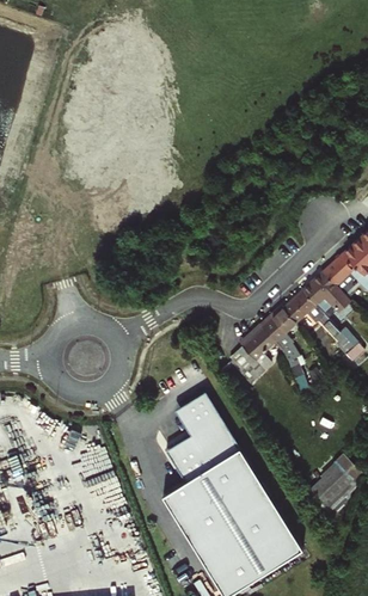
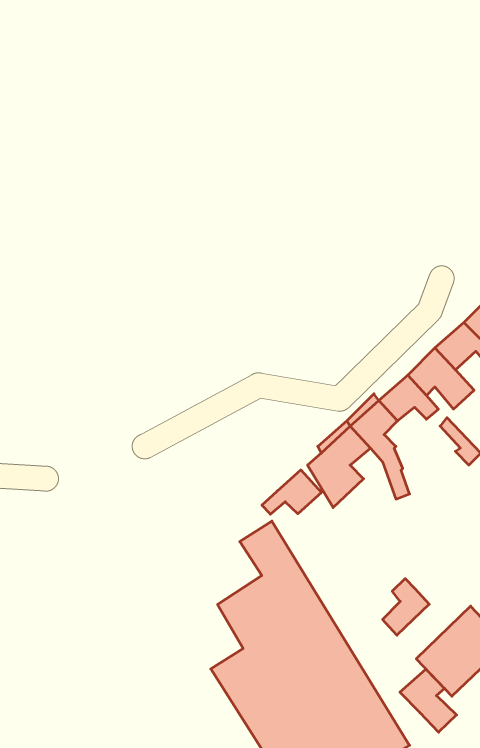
building: none -> [262,470,321,514]
building: none -> [383,579,429,635]
building: none -> [400,669,457,732]

